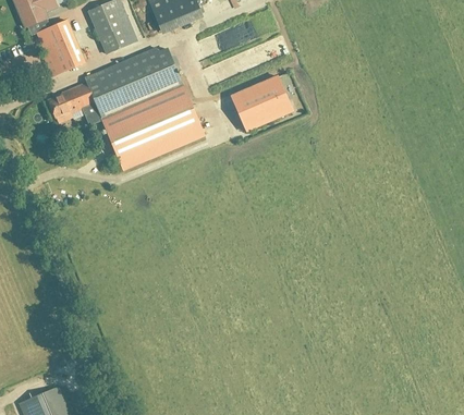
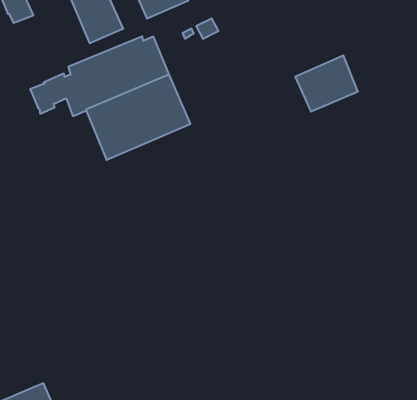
building: [36,20,84,76] -> none
building: [230,75,291,130] -> [295,56,358,112]

